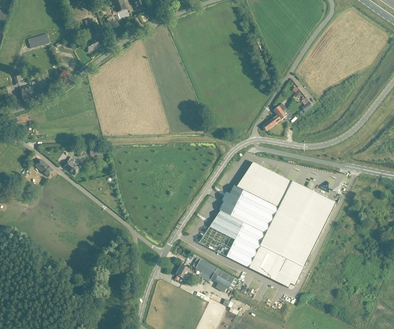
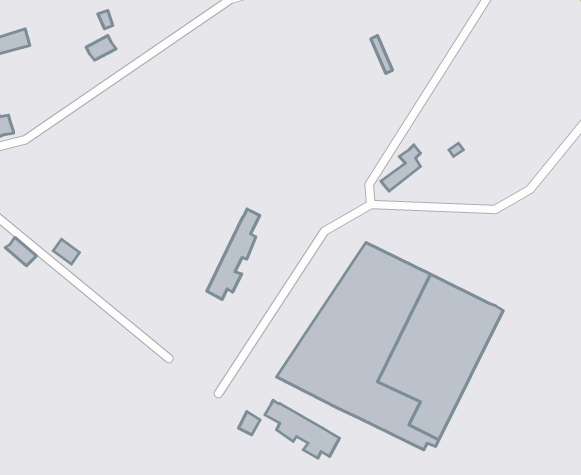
building: none -> [207,209,260,299]

